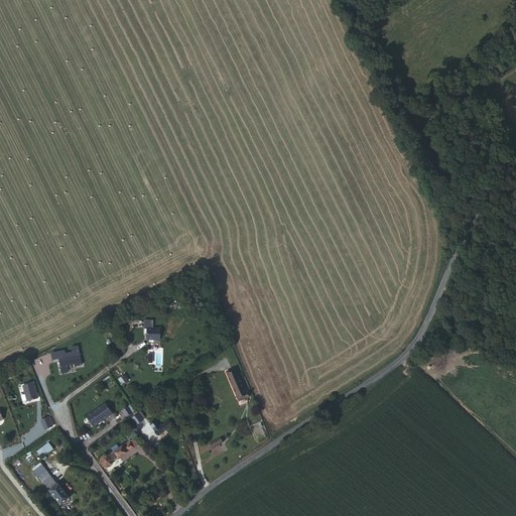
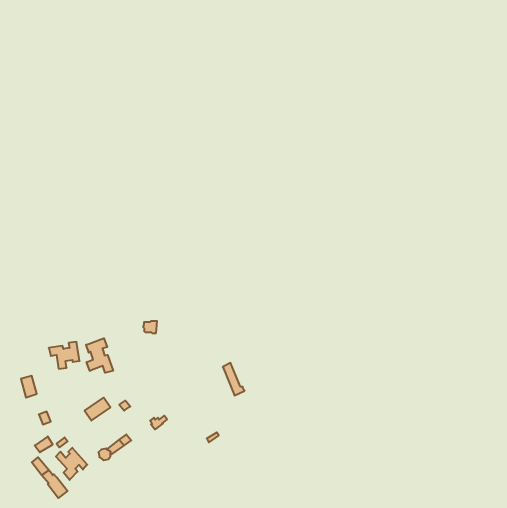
building: none -> [86,338,113,373]
building: none -> [56,448,87,480]

